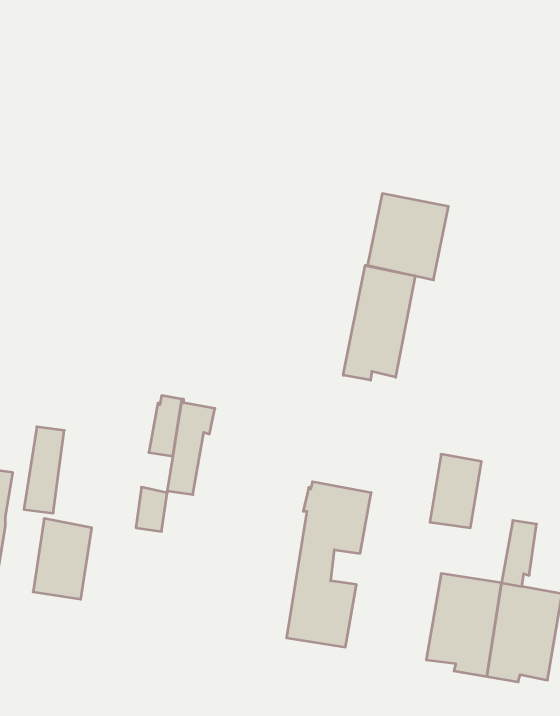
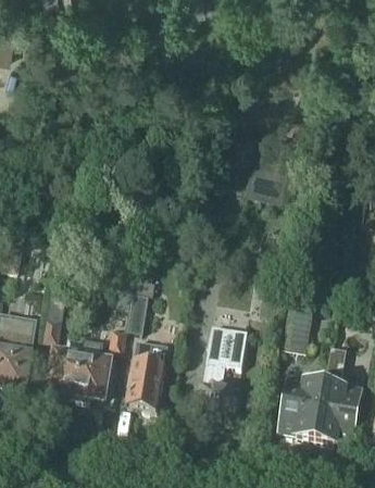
building: [343,265,415,380] -> none
building: none -> [126,340,167,411]
building: none -> [75,352,110,400]

